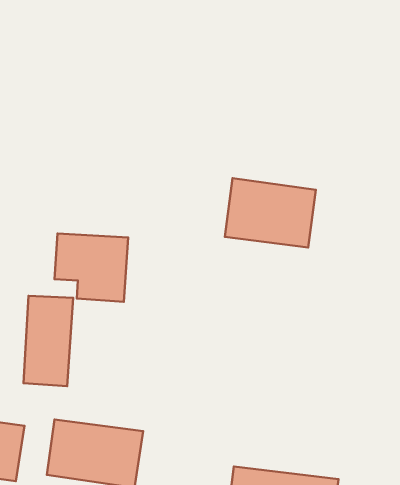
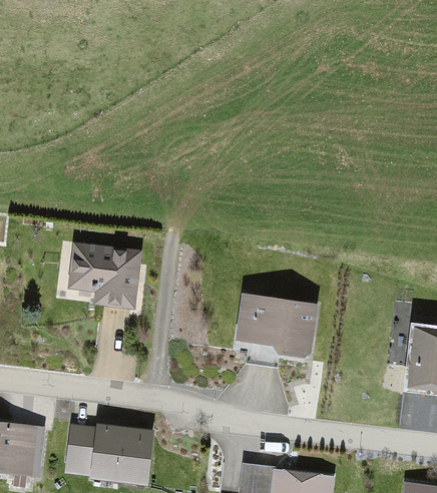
building: [225,178,316,247] -> [232,292,317,357]
building: [24,296,73,386] -> none

